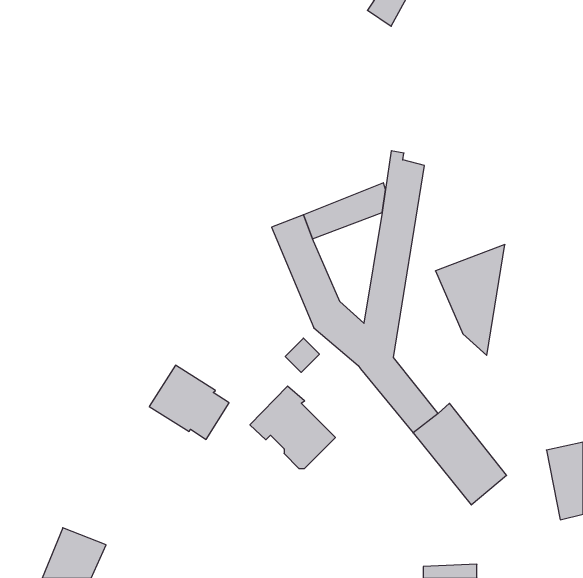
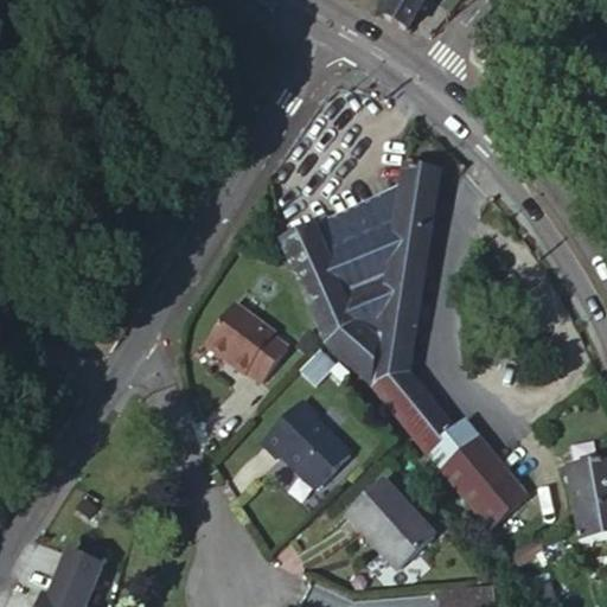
building: [435,245,505,355] -> [325,221,397,336]
building: [149,365,229,439] -> [198,308,281,385]
building: none -> [344,480,434,568]

